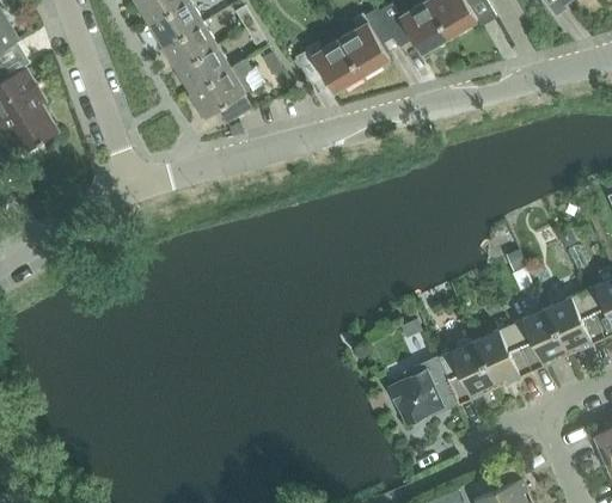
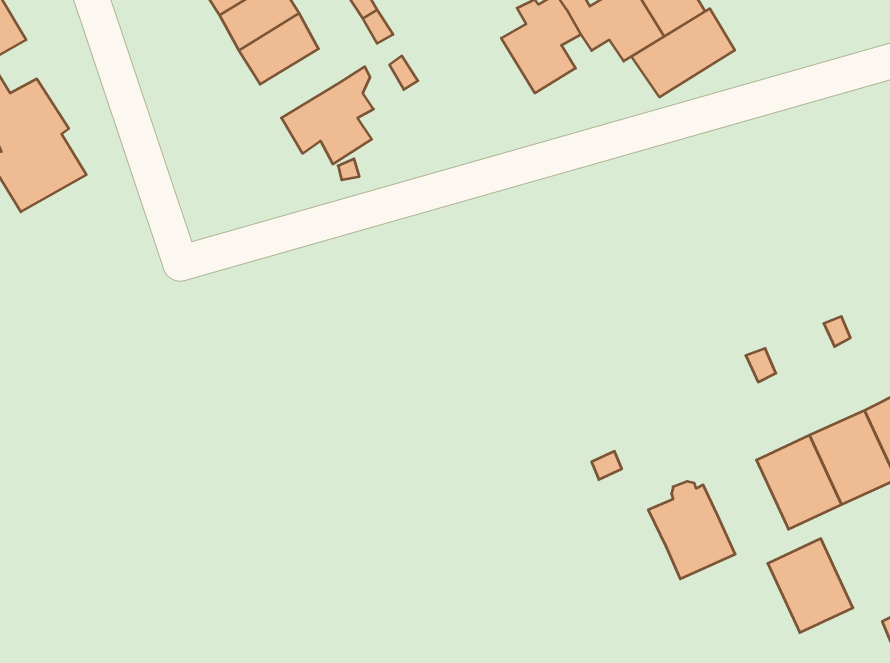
building: none -> [632,9,735,97]
building: [293,39,361,93] -> none
building: [176,47,230,93] -> none
building: [475,324,532,387] -> [768,539,853,633]
building: [390,357,459,423] -> none

